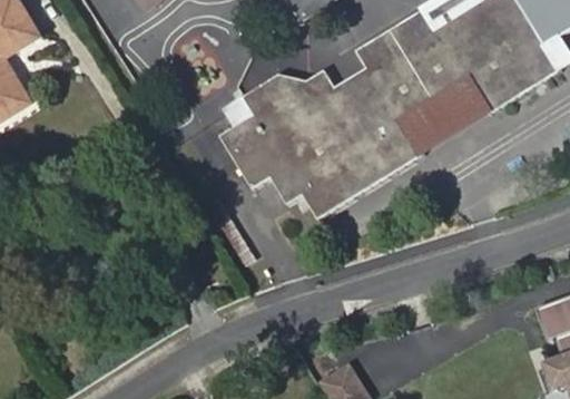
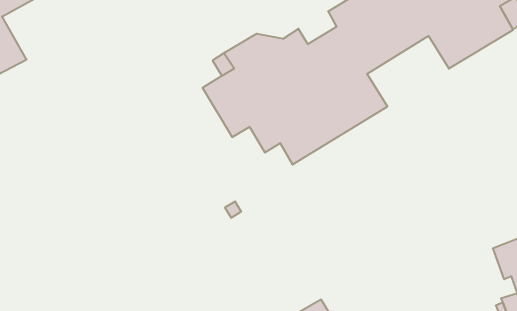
building: [401,76,490,153] -> none

